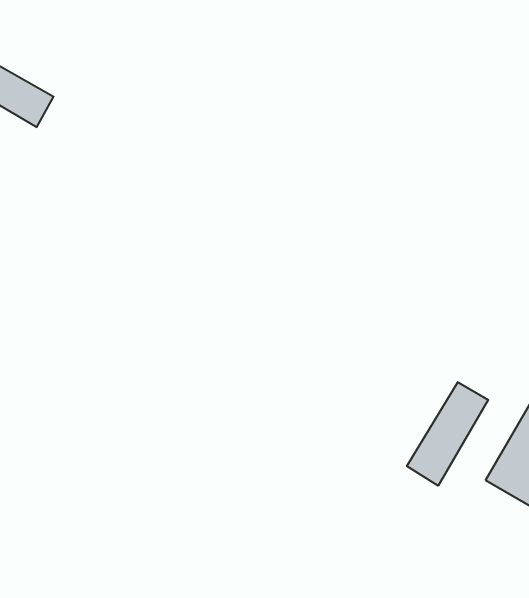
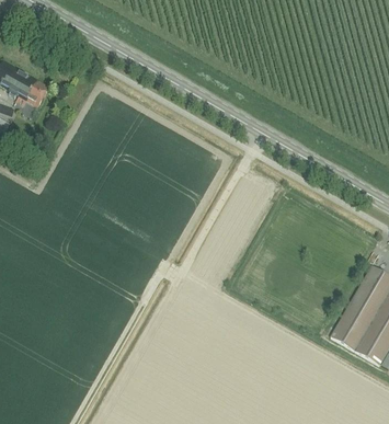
building: [407,382,488,486] -> none

